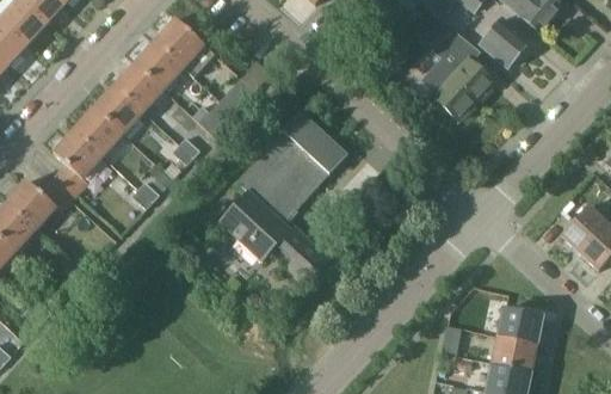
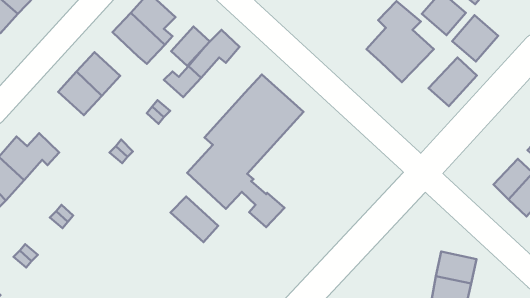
building: none -> [452,15,498,62]
building: none -> [171,27,210,66]
building: [115,62,163,111] -> none
building: none -> [428,57,477,106]
building: [53,129,103,197] -> none
building: none -> [171,197,218,242]

